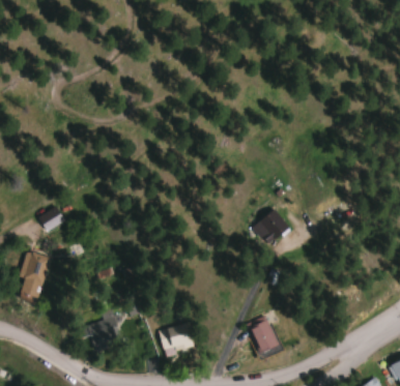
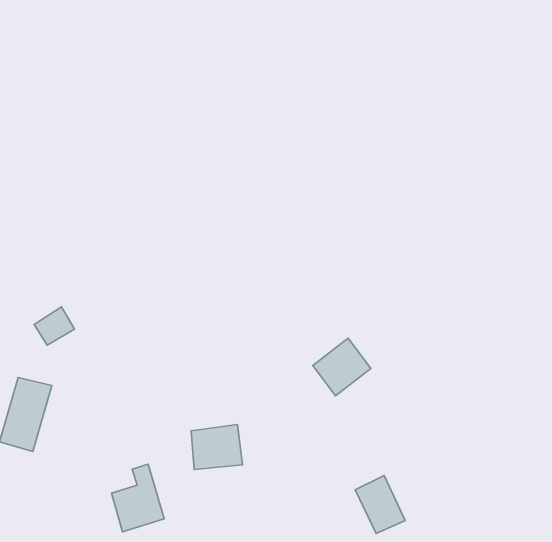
building: [252,209,289,246] -> [313,338,371,396]
building: [161,325,194,354] -> [191,425,242,470]

